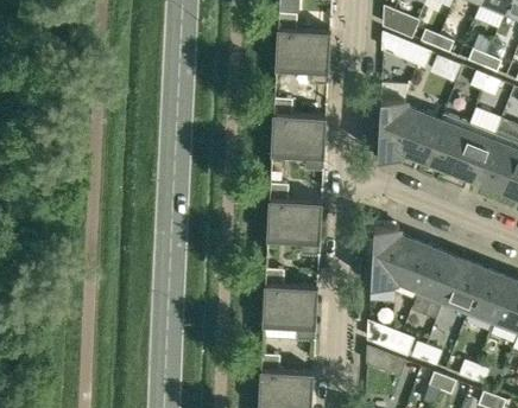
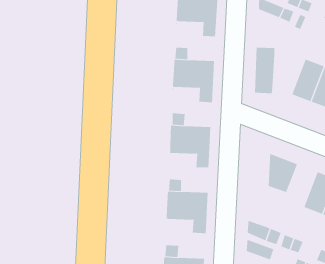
building: [403,109,444,161] -> none
building: [371,227,399,287] -> none
building: [417,251,460,307] -> none

